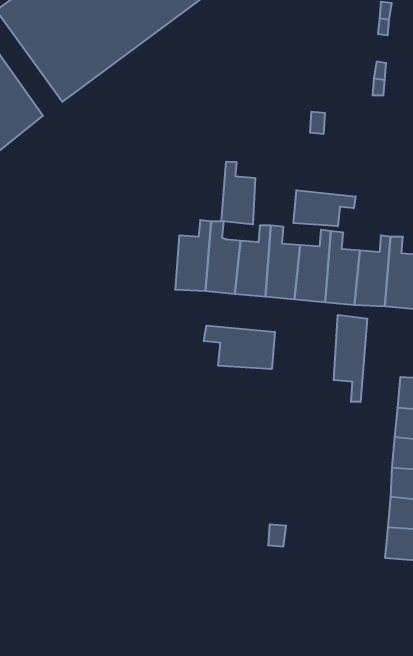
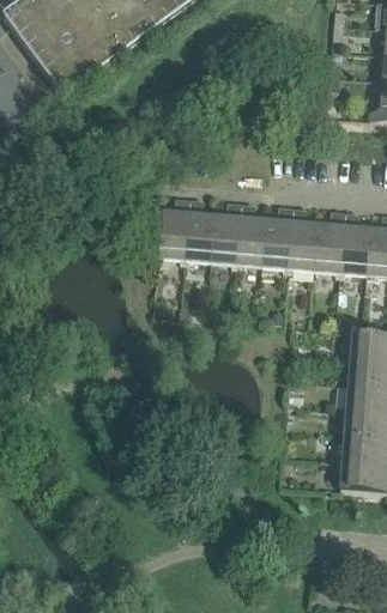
building: [221,162,255,225] -> none
building: [293,190,356,226] -> none
building: [334,315,367,402] -> none
building: [204,326,275,369] -> none

